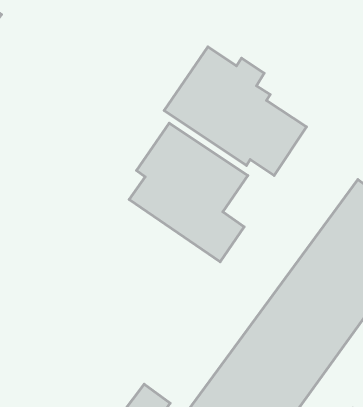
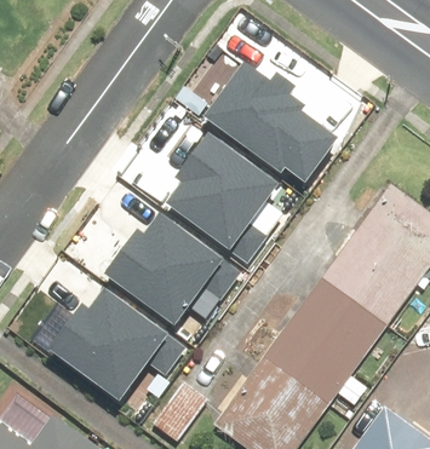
building: none -> [102,207,245,323]
building: none -> [51,282,194,397]

